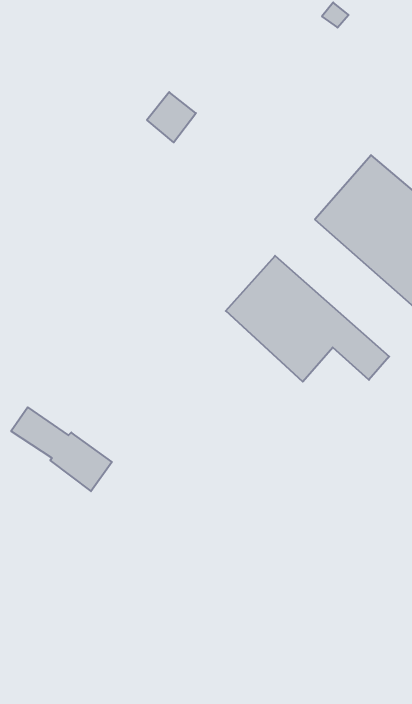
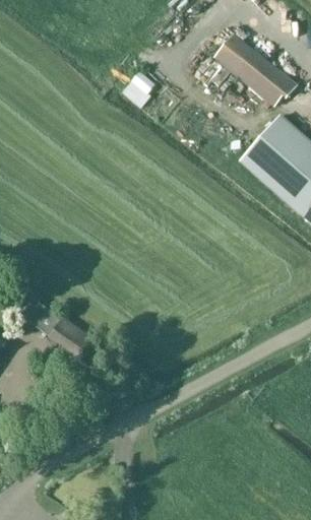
building: none -> [213,34,296,107]
building: [226,256,389,382] -> none

